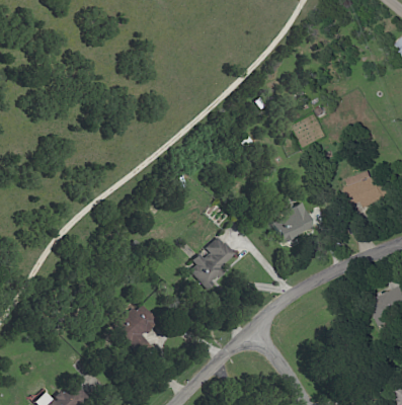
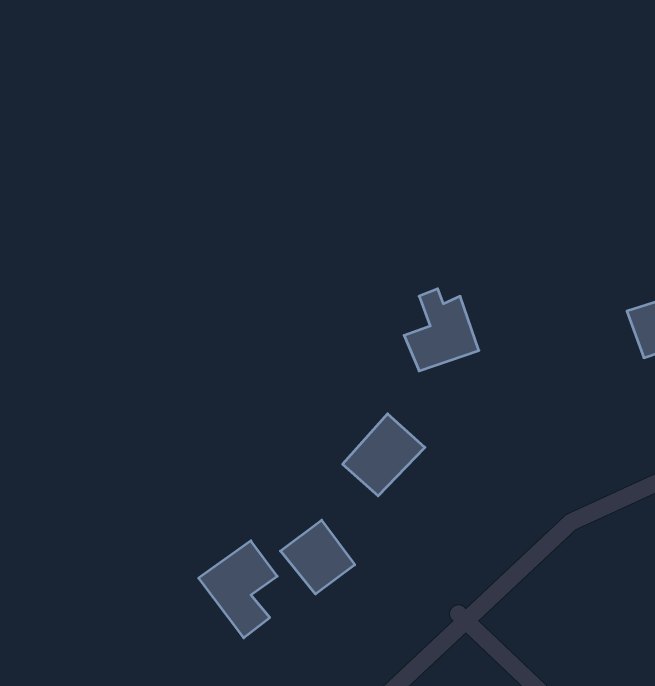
building: [271,198,312,243] -> [404,289,479,371]
building: none -> [280,520,355,594]

